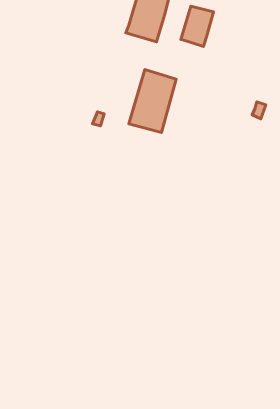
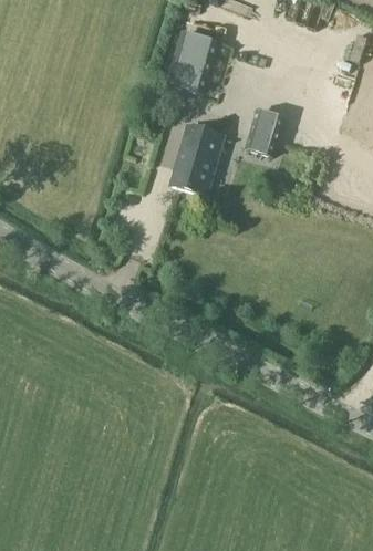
building: [181,6,213,46] -> [246,108,282,154]

